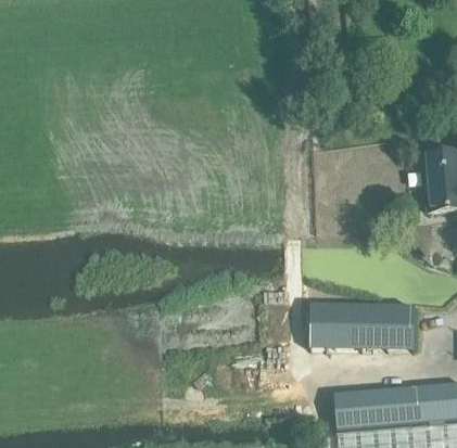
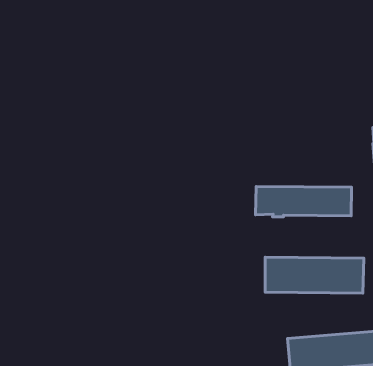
building: none -> [256,186,352,217]

